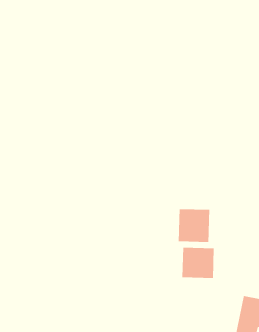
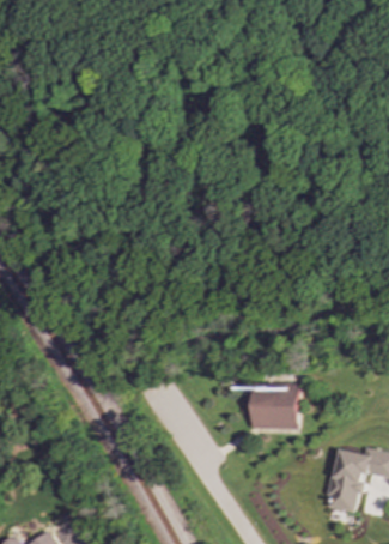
building: [178,208,210,243] -> none

